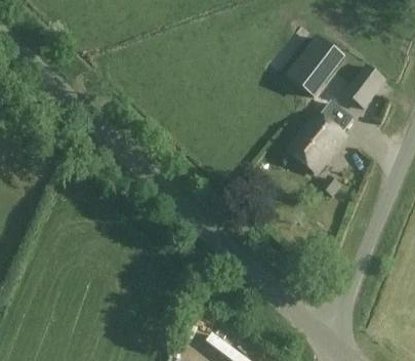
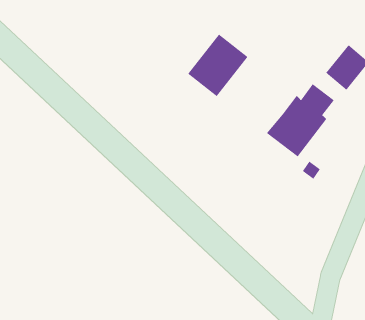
building: [288,36,347,97] -> [187,34,248,97]

